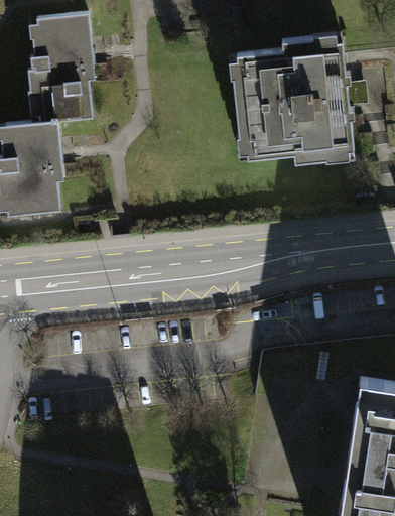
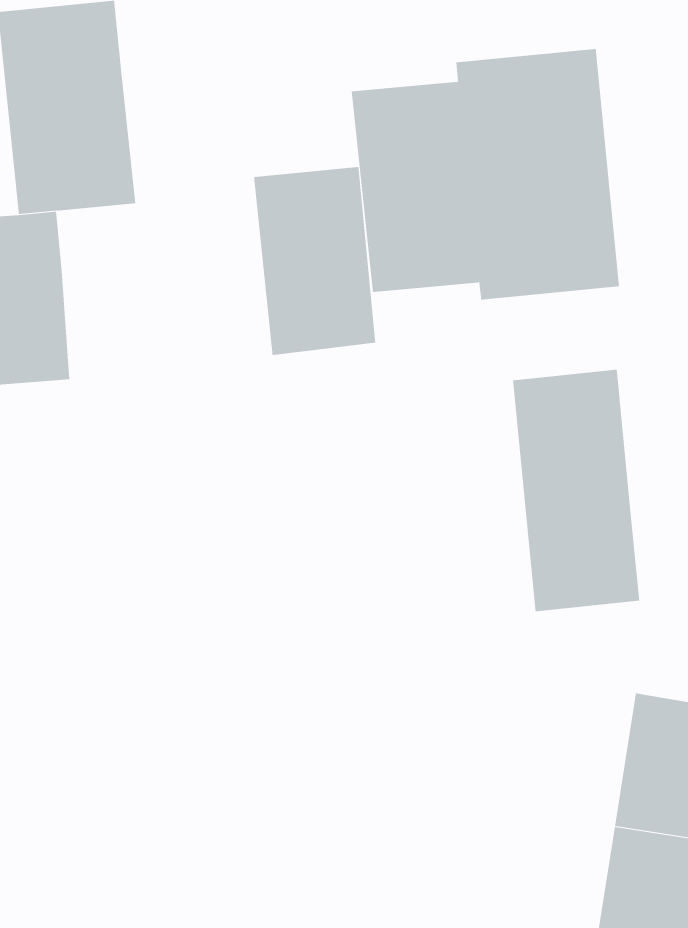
building: none -> [253,166,376,356]
building: none -> [513,369,640,612]

